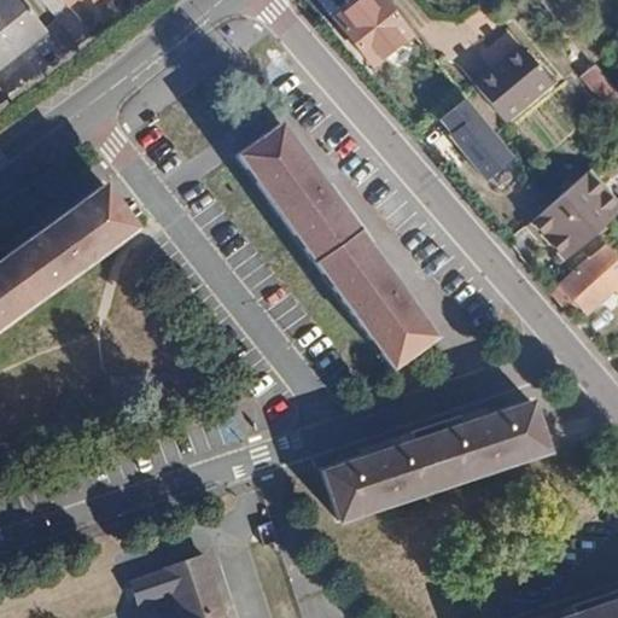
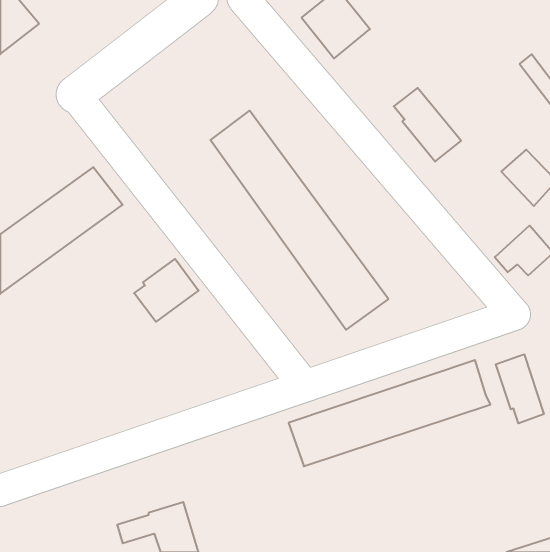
building: [474,39,552,115] -> none
building: [527,191,599,256] -> none
building: none -> [134,259,199,322]
building: none -> [496,354,544,423]

